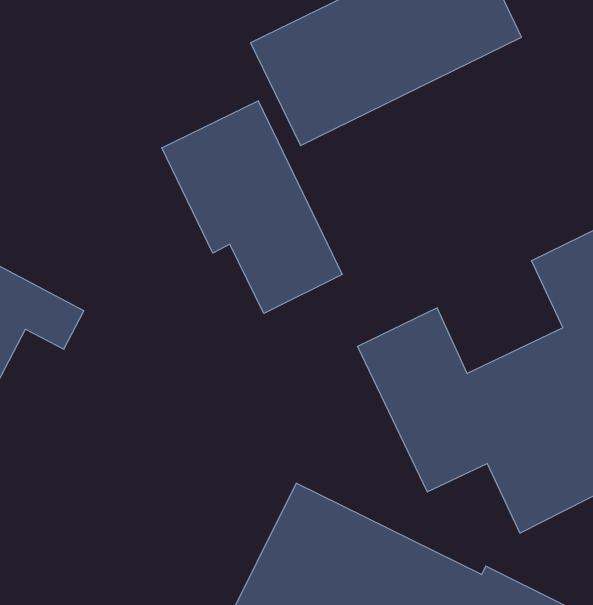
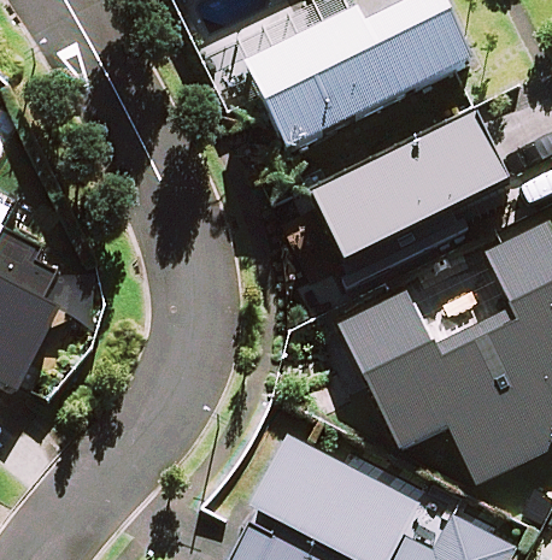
building: none -> [313,113,512,263]
building: [162,101,342,313] -> none

